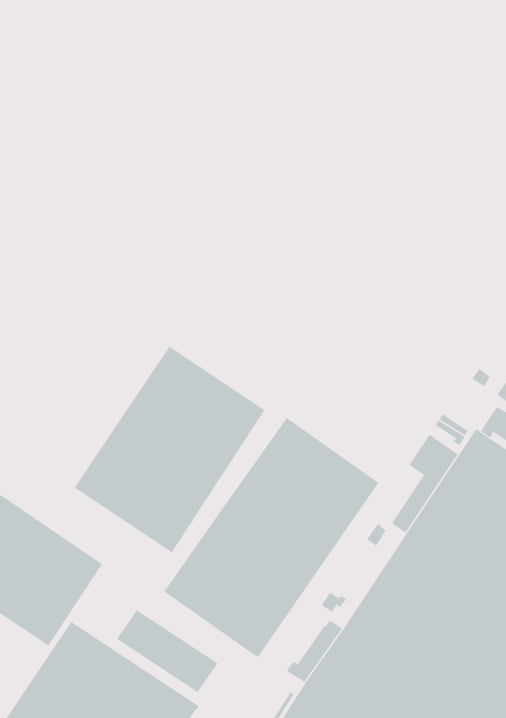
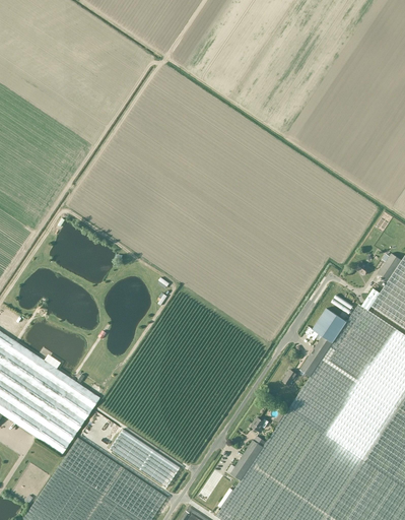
building: [74,346,265,553] -> none
building: [164,417,379,658] -> none

